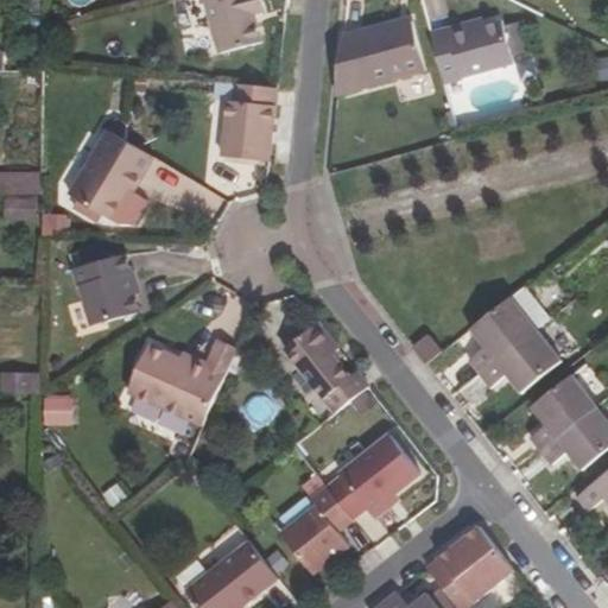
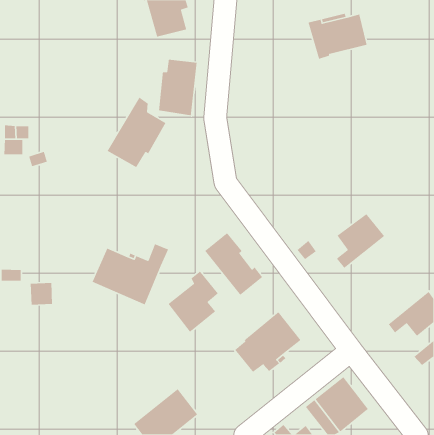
building: [336,21,423,91] -> none
building: [68,119,151,218] -> [107,96,166,168]
building: [71,254,139,325] -> none
building: [479,329,559,392] -> none
building: [528,374,596,451] -> none
building: [280,487,352,574] -> [168,271,219,333]

